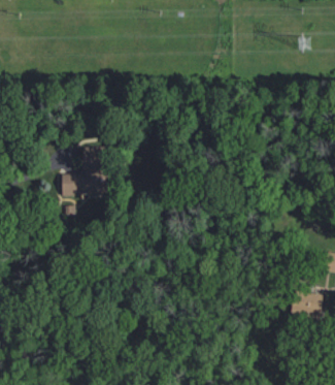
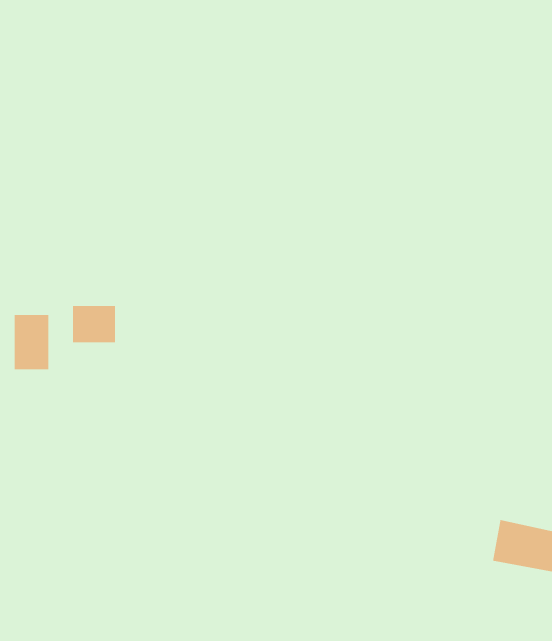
building: none -> [14,314,49,370]

